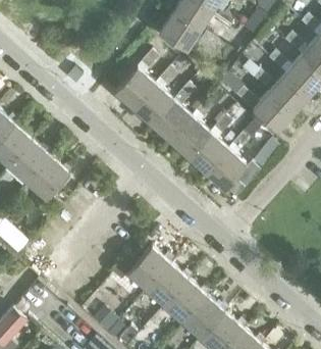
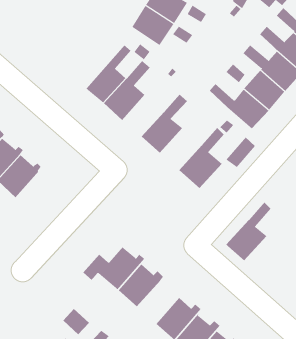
building: [149,82,195,140] -> none
building: [185,114,230,172] -> [225,202,271,261]
building: [163,281,208,322] -> none

